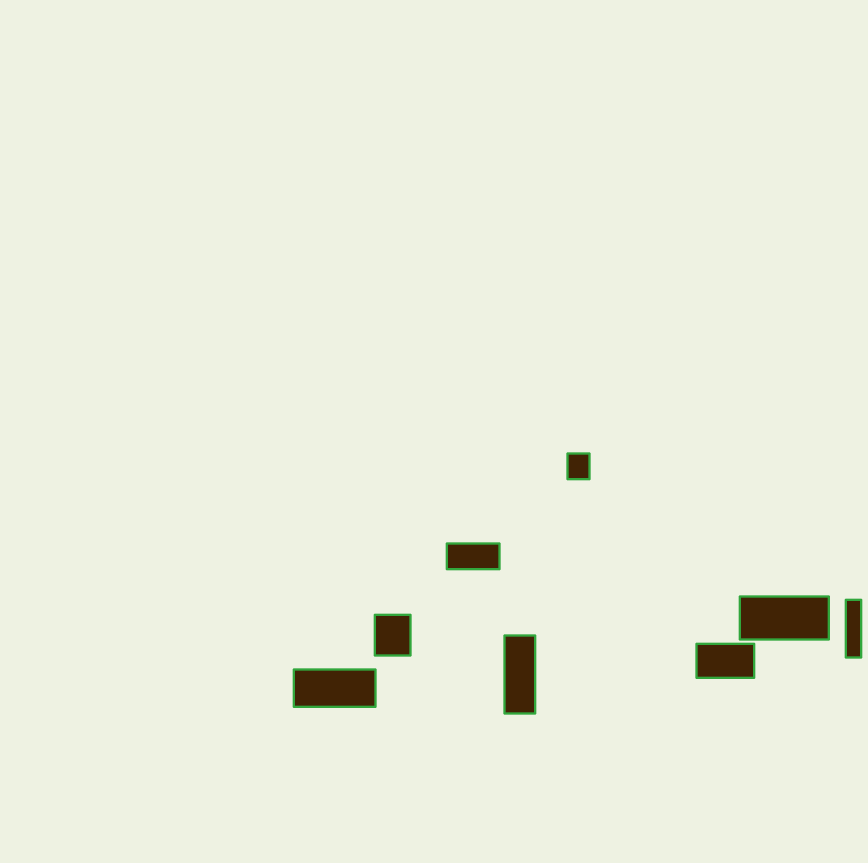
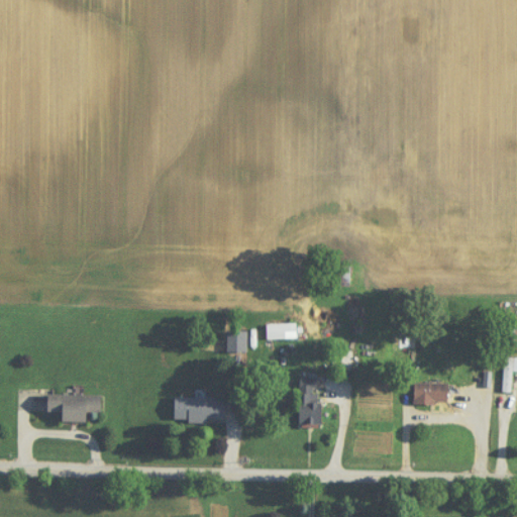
building: [740,596,829,639] -> none
building: [375,615,410,656] -> [226,330,247,354]
building: none -> [47,395,102,422]

